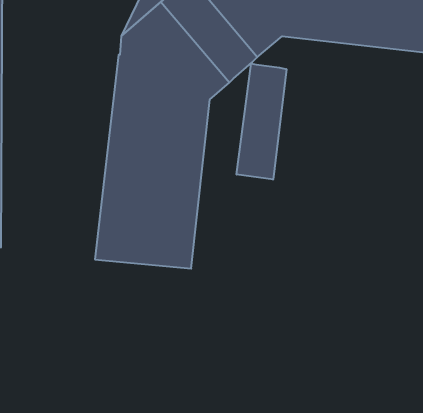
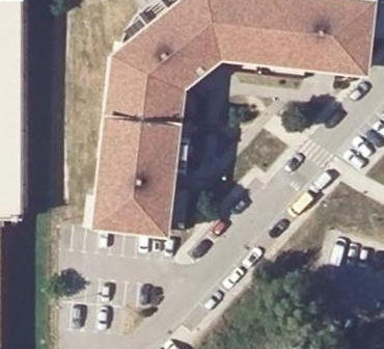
building: [237,63,286,180] -> none

